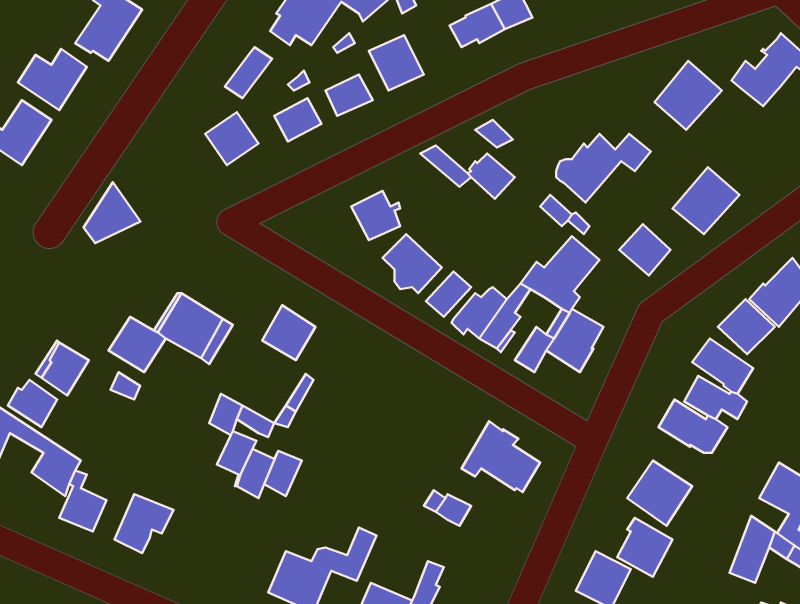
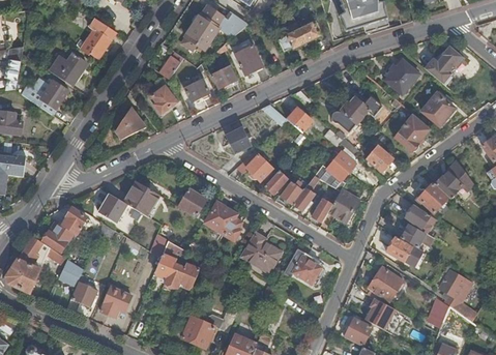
building: none -> [419,90,454,126]
building: [83,182,141,243] -> [114,106,144,138]
building: none -> [204,201,242,240]
building: none -> [242,231,282,270]

